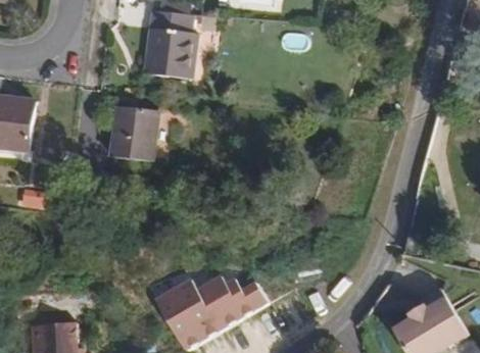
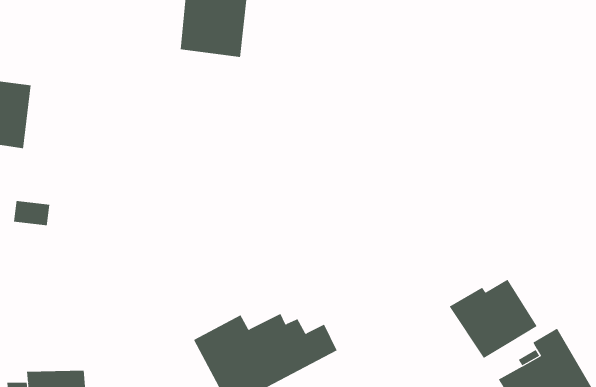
building: [113,106,160,160] -> none
building: none -> [449,279,538,359]

